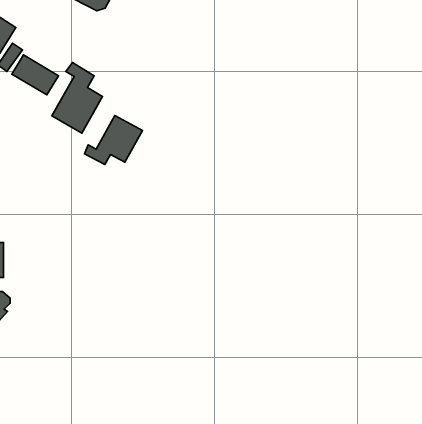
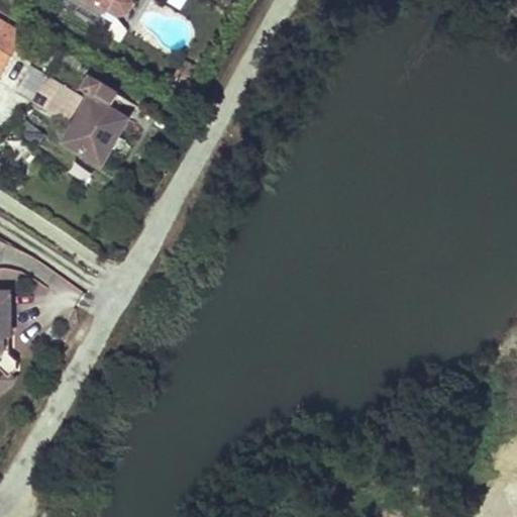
building: [85,115,143,165] -> none

